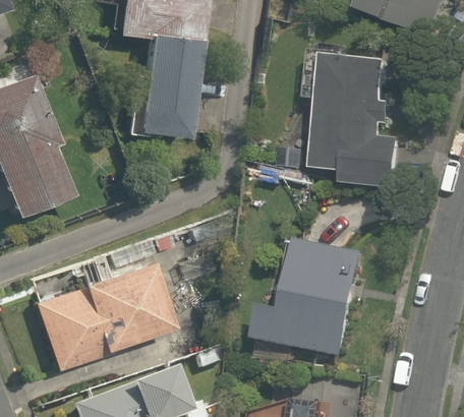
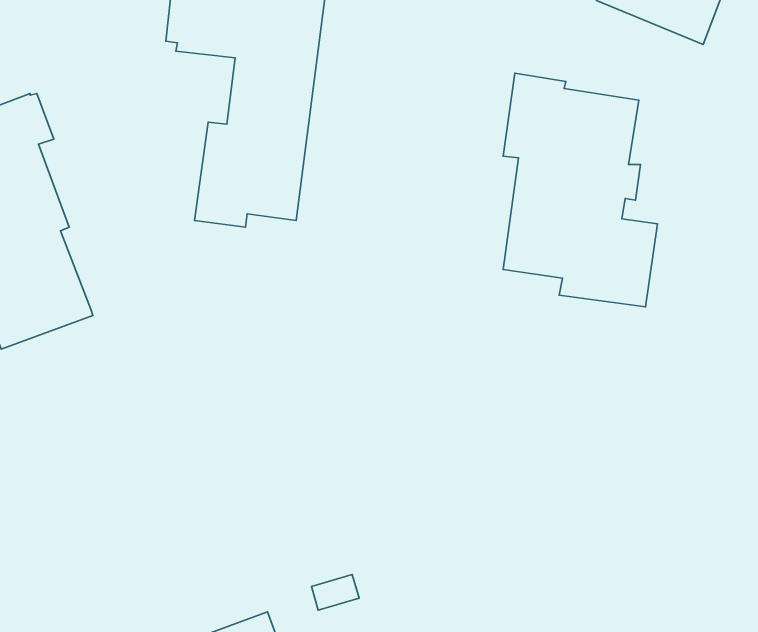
building: [262,243,358,350] -> none
building: [36,261,178,371] -> none

